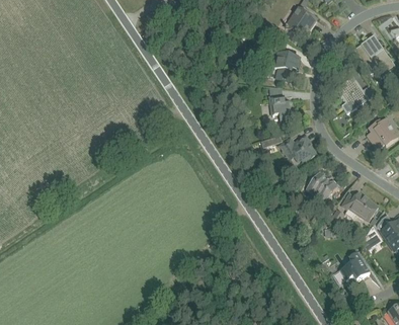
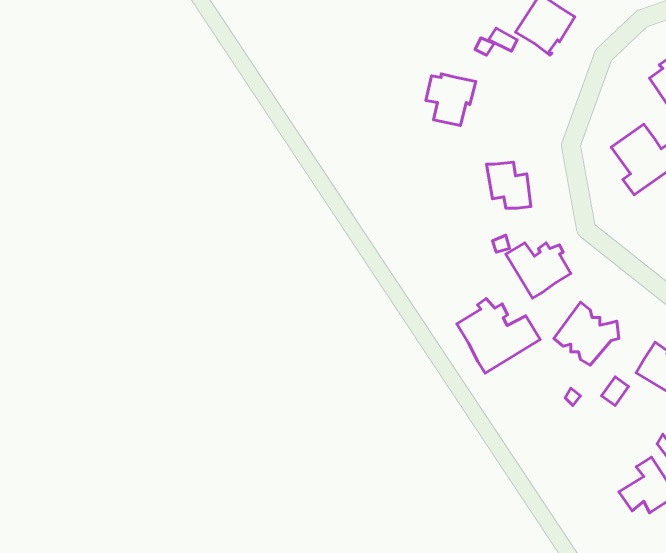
building: [273,52,300,79] -> [426,74,476,126]
building: none -> [457,298,540,373]

